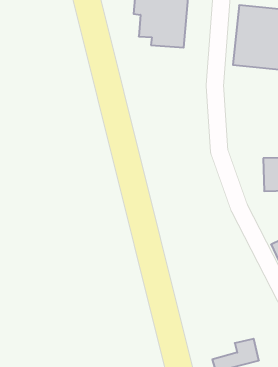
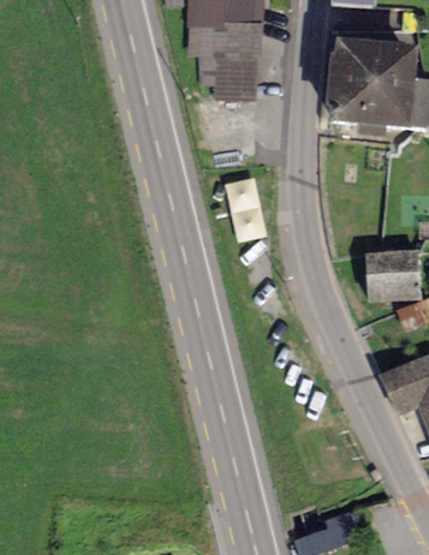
building: none -> [228,172,269,235]

